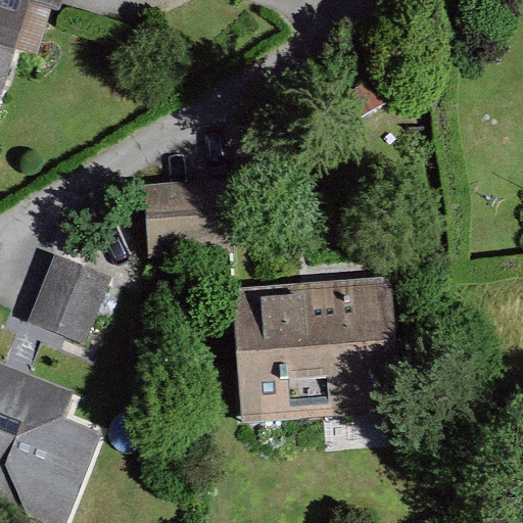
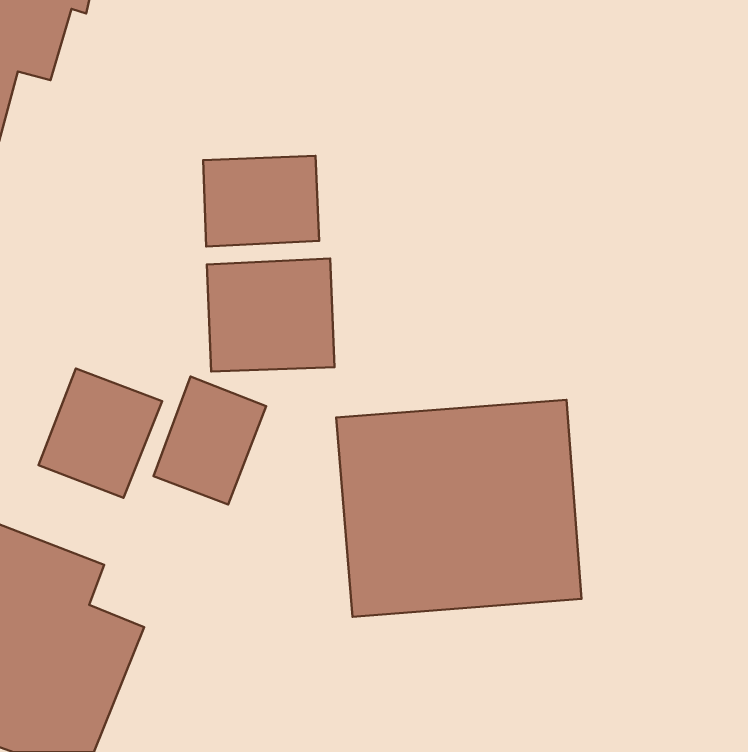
building: none -> [203,156,319,247]
building: none -> [153,377,266,505]

